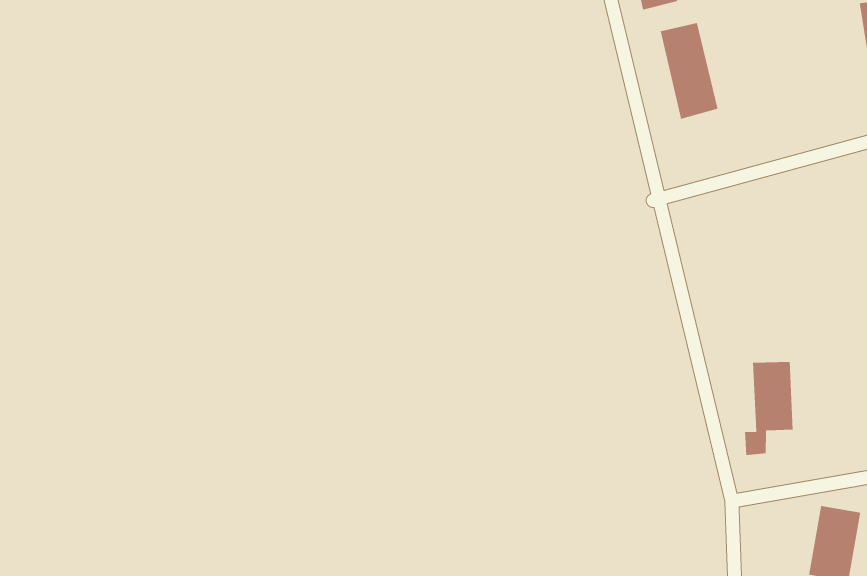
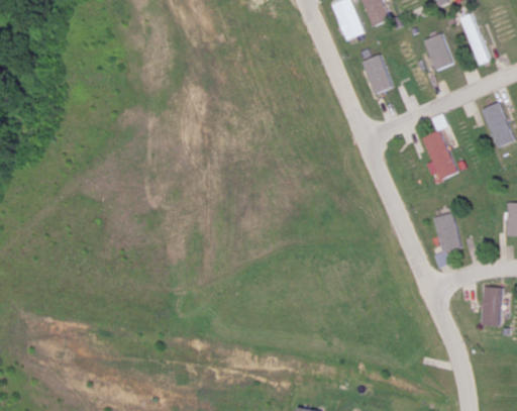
building: none -> [422,32,455,72]
building: none -> [425,129,462,181]

